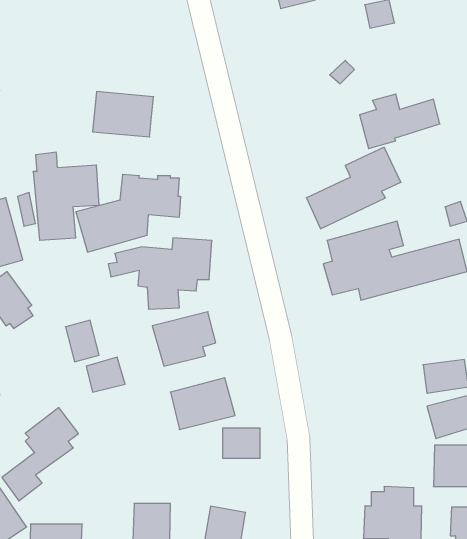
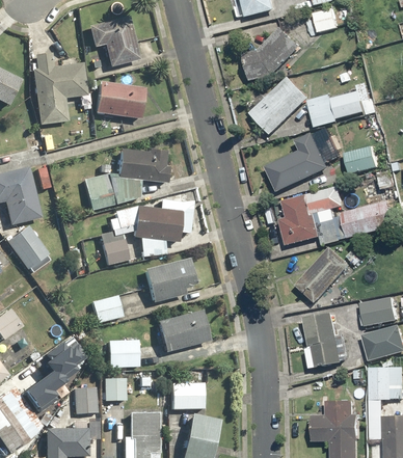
building: none -> [85,15,140,66]
building: none -> [246,27,302,80]
building: none -> [249,73,311,134]
building: [33,152,99,240] -> [33,52,86,123]
building: none -> [346,145,379,173]
building: none -> [299,246,352,301]
building: [65,320,99,362] -> [101,232,128,265]
building: none -> [305,309,344,367]
building: none -> [108,340,138,367]
building: [223,428,260,458] -> [172,383,203,407]
building: none -> [104,378,125,400]
building: none -> [76,388,96,412]

